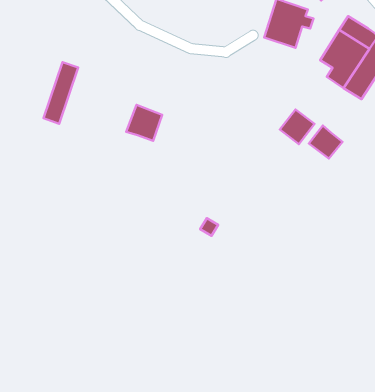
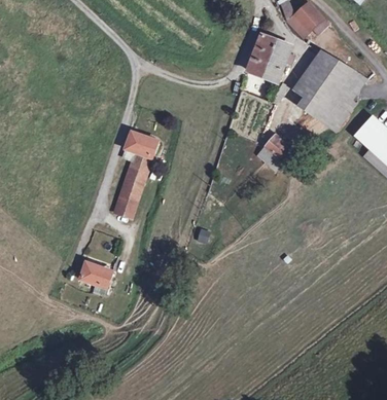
building: [44,62,78,124] -> [114,160,146,217]
building: [309,126,342,158] -> none
building: none -> [81,263,109,294]

